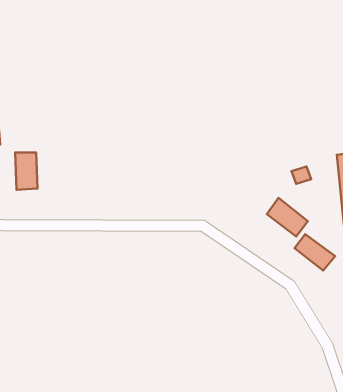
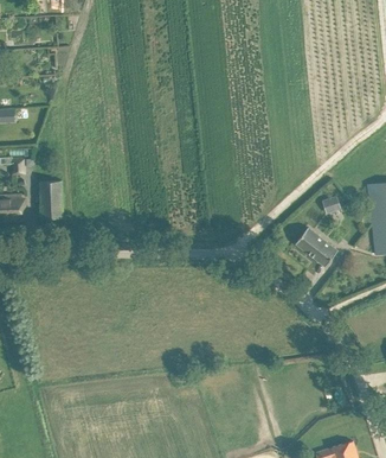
building: [294,234,335,270] -> none

